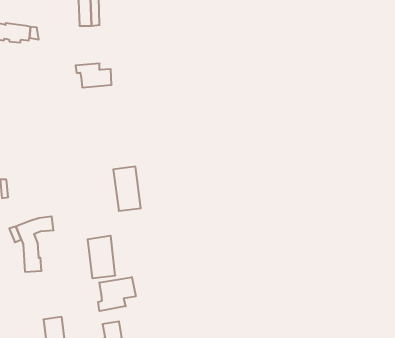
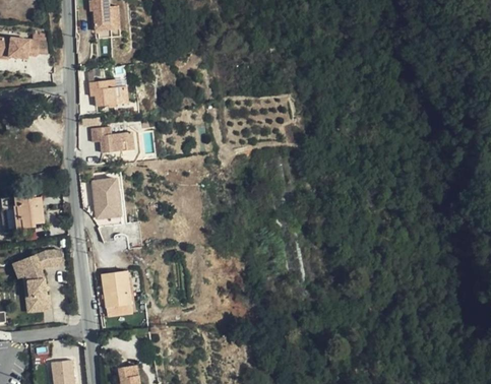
building: none -> [91,127,133,153]
building: none -> [14,192,44,230]
building: [113,167,141,211] -> [90,178,121,227]
building: [98,277,136,311] -> none

